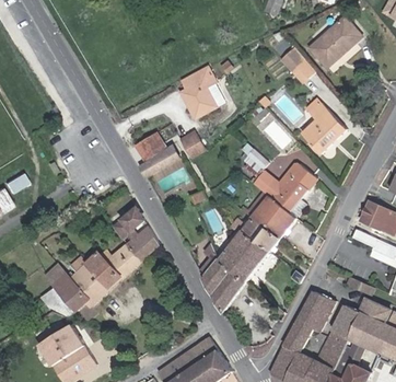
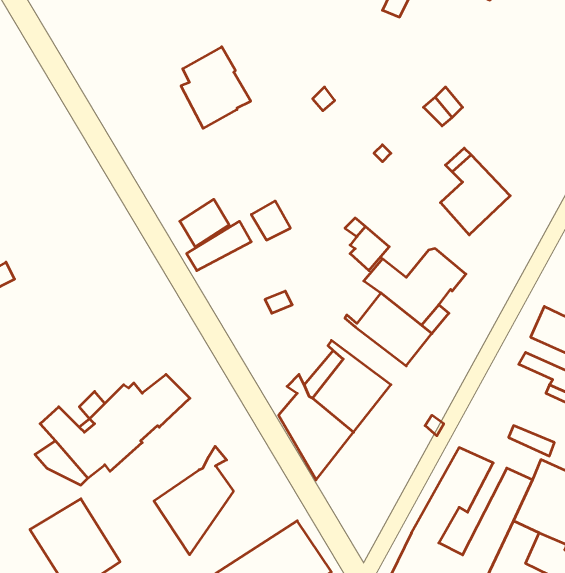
building: [308,18,361,68] -> none
building: [179,67,224,119] -> [181,47,251,128]
building: [110,206,158,259] -> none
building: [231,213,279,251] -> none
building: none -> [154,446,233,555]

